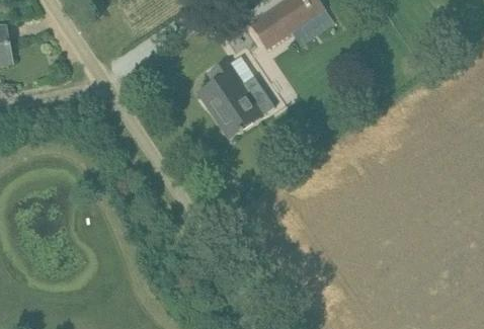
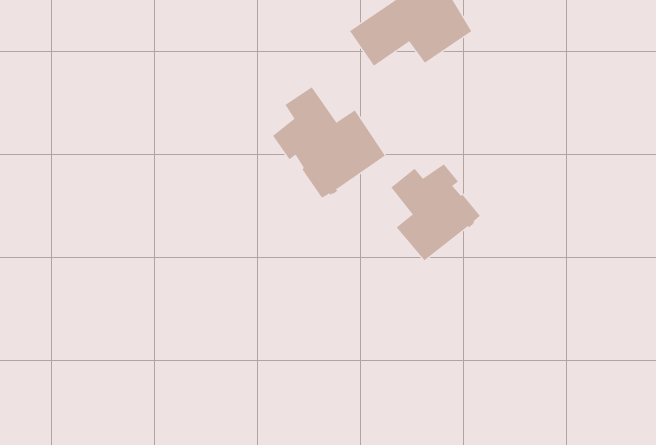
building: none -> [390,163,480,261]

